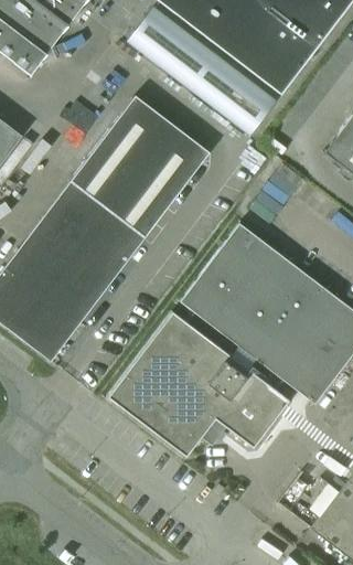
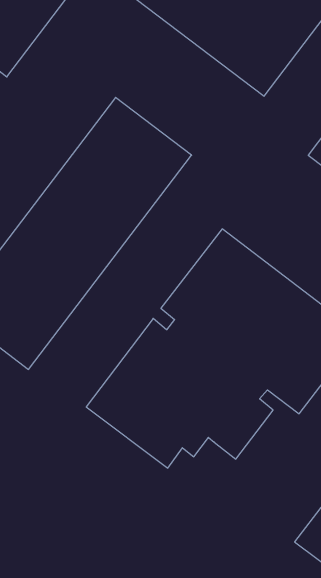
building: [127,6,276,135] -> none

